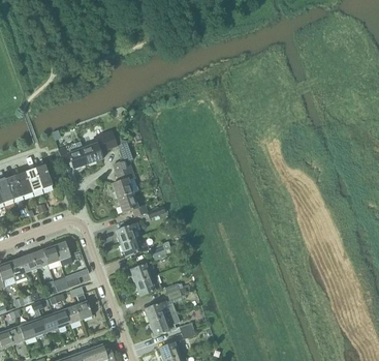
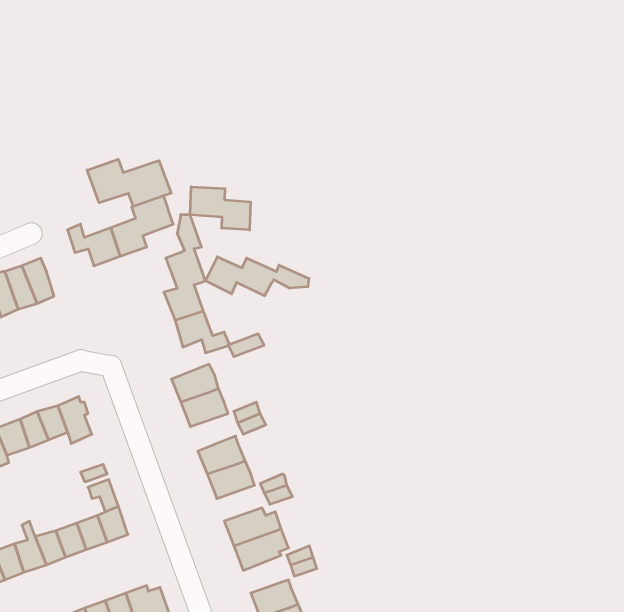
building: none -> [87,159,171,206]
building: none -> [190,187,251,230]
building: none -> [205,257,309,296]

